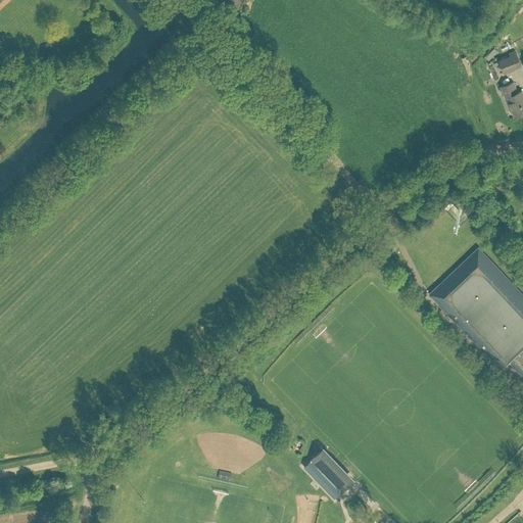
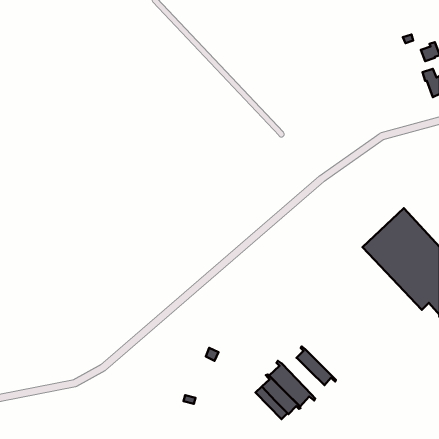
building: none -> [296,346,336,385]
building: none -> [269,361,315,406]

